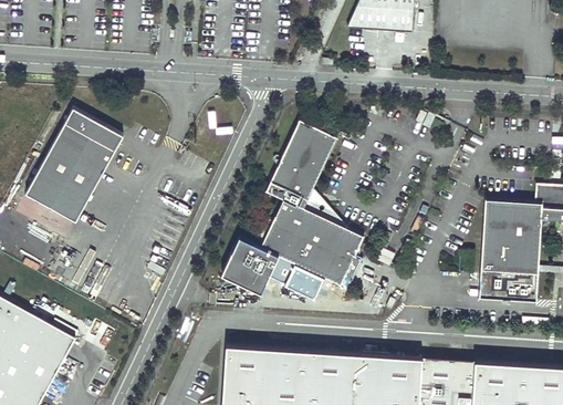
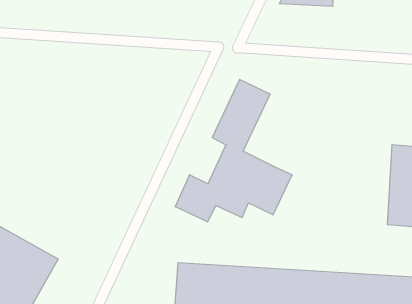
building: [27,108,124,221] -> none

